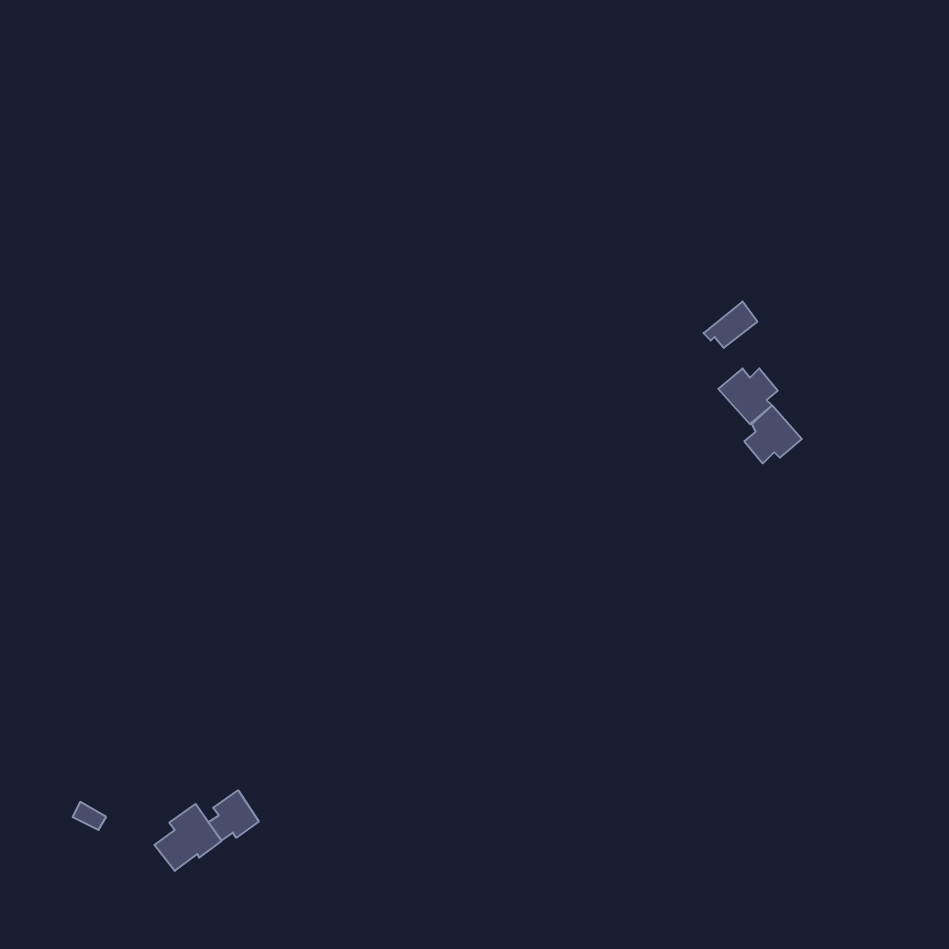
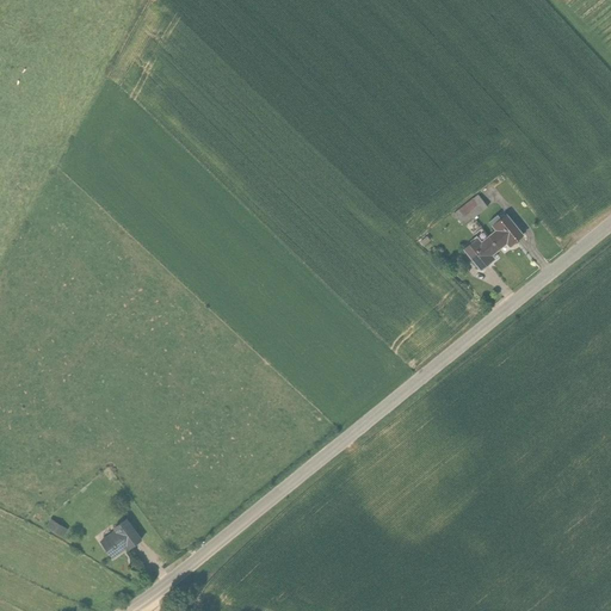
building: [744,406,802,463] -> [487,214,524,251]
building: [208,790,259,841] -> none

